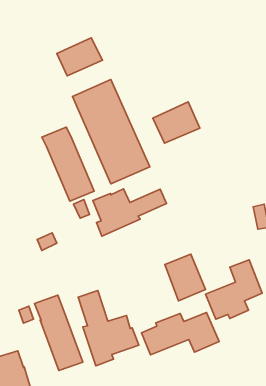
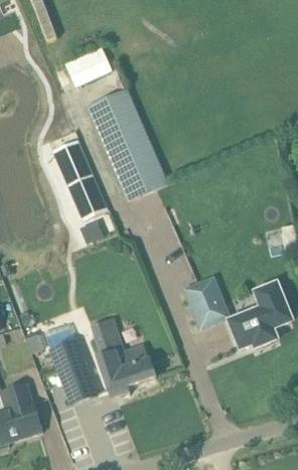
building: [153,102,200,143] -> none
building: [93,189,167,236] -> none
building: [141,312,219,355] -> none

